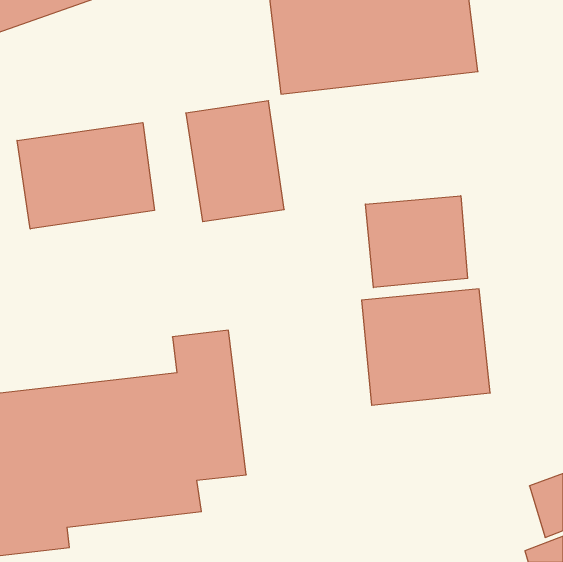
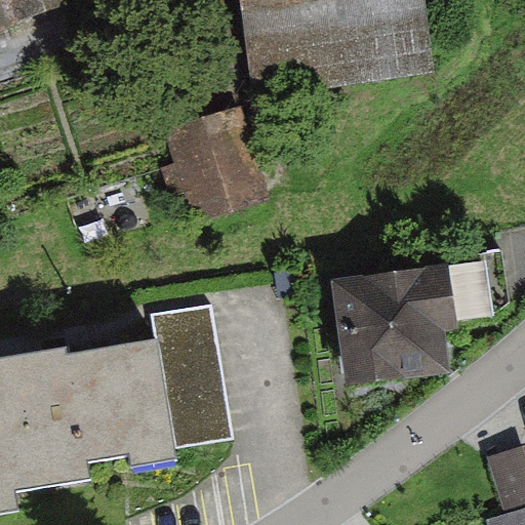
building: [17,123,154,229] -> none
building: [365,196,468,288] -> none

